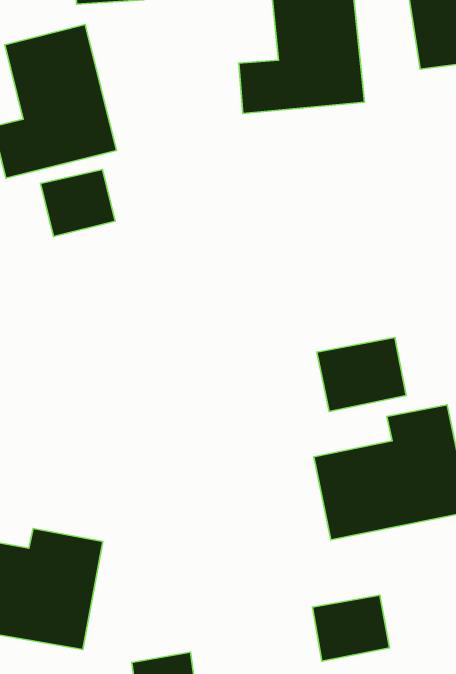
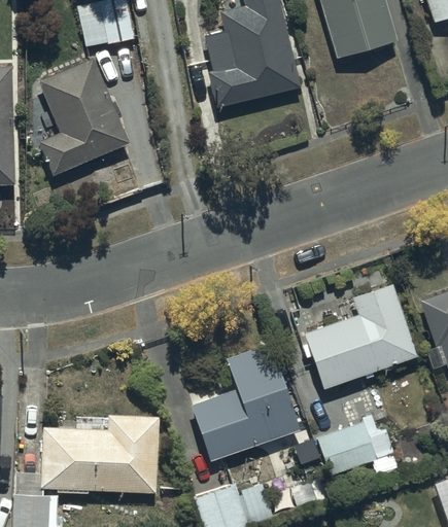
building: [40,169,115,237] -> none
building: [317,338,406,412] -> none
building: none -> [188,347,298,465]

